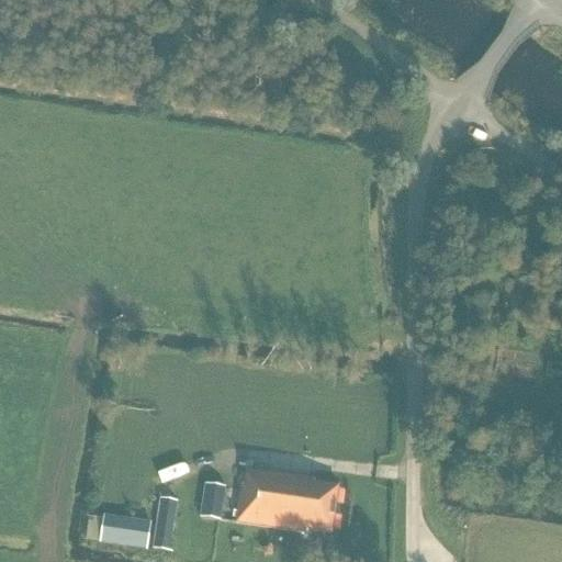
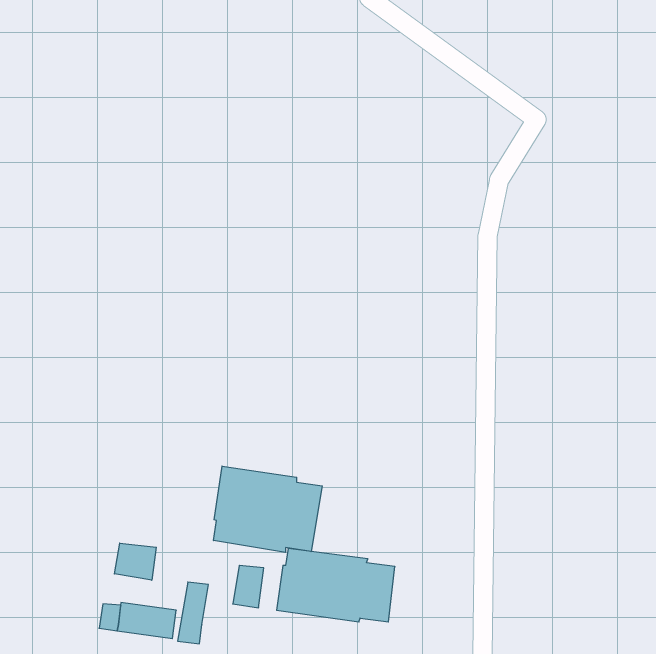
building: none -> [214,466,322,552]
building: none -> [114,543,156,580]

